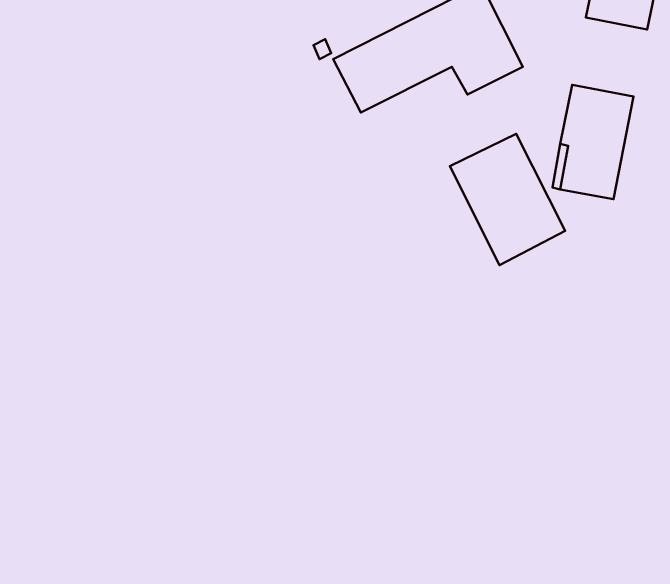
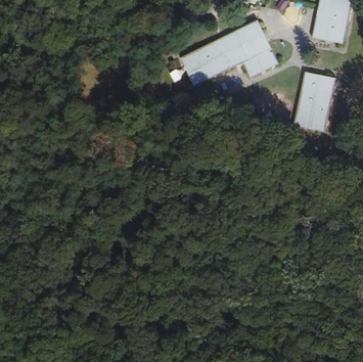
building: [450,134,565,265] -> none

